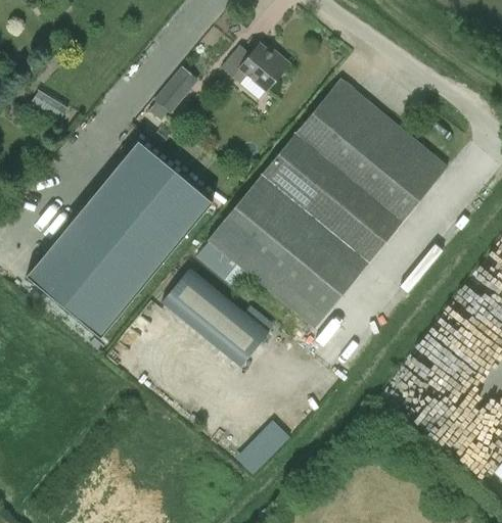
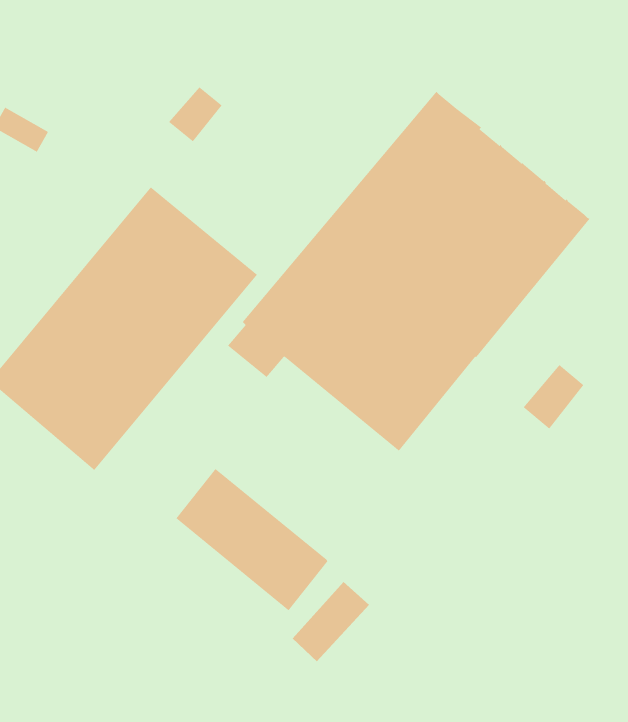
building: [221,43,288,89] -> none
building: none -> [523,364,584,429]
building: [162,267,268,366] -> [175,468,329,611]

